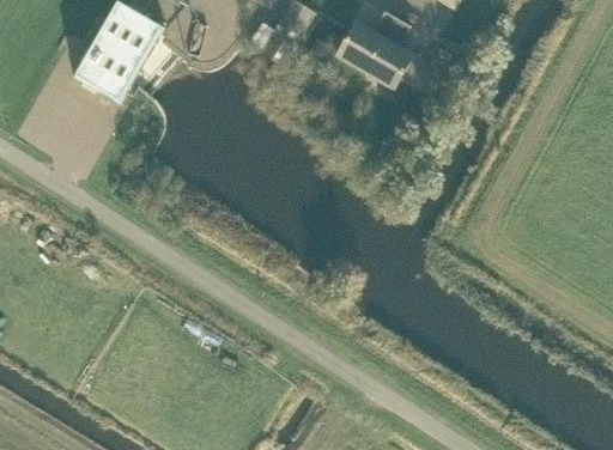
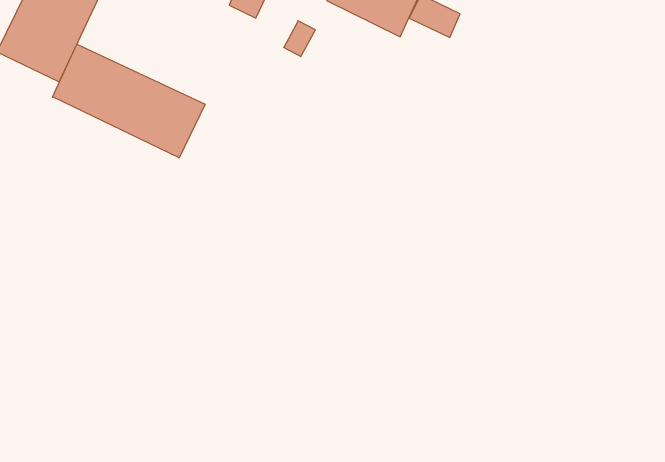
building: none -> [52,44,205,158]

